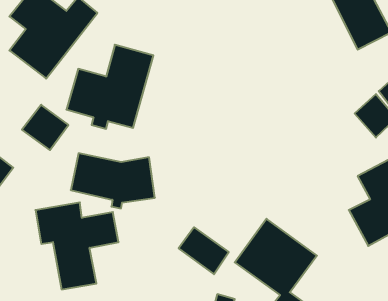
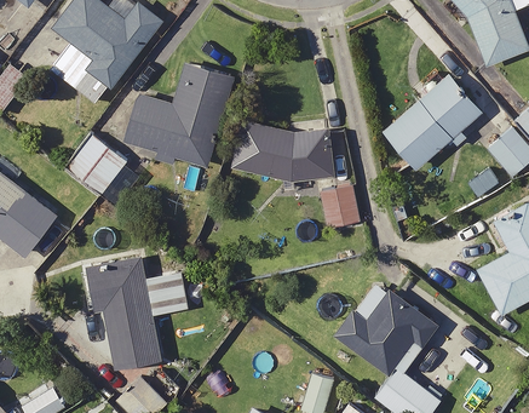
building: none -> [383,75,482,170]
building: none -> [321,187,360,228]
building: [71,153,155,208] -> [231,121,337,190]
building: [179,227,229,274] -> none

